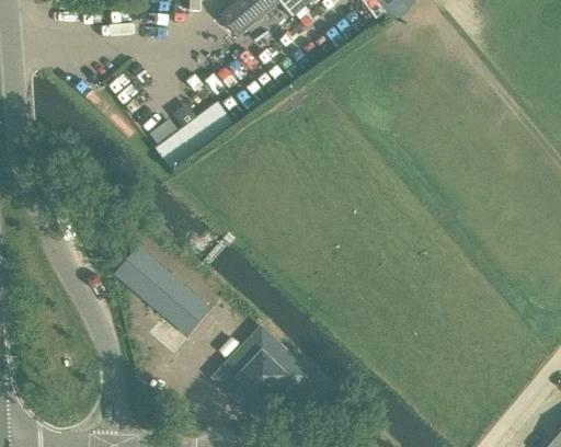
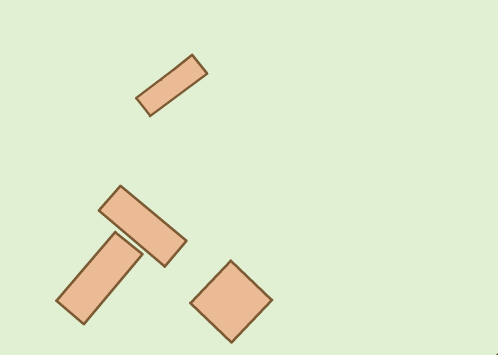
building: none -> [56,232,142,324]

